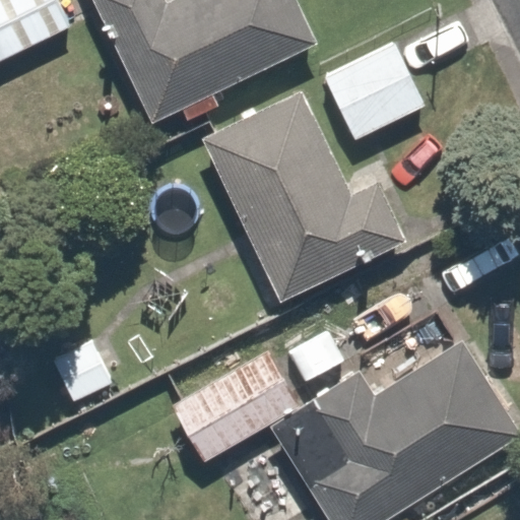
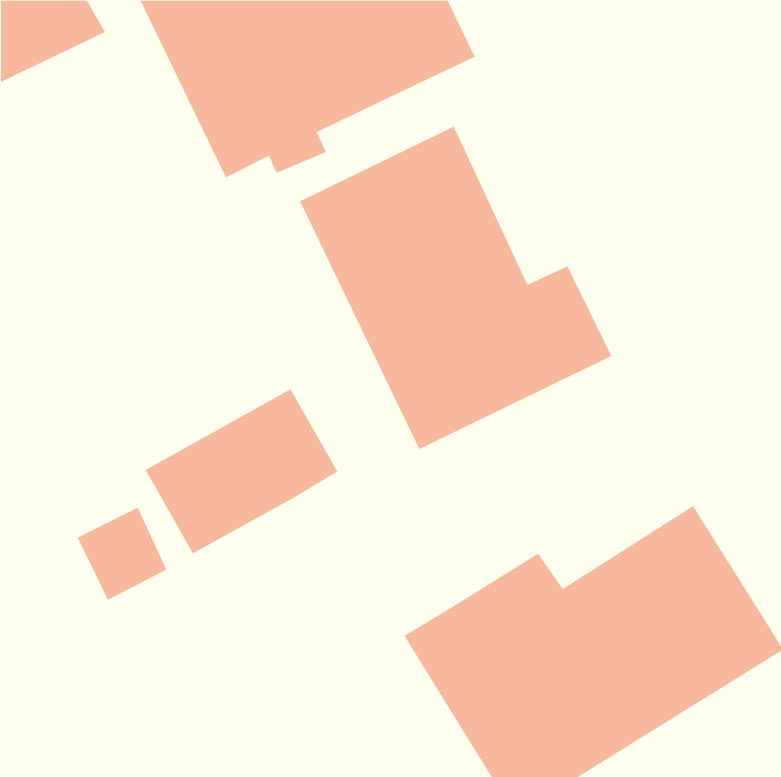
building: [324,43,427,140] -> none
building: [172,352,300,462] -> [145,388,338,554]

